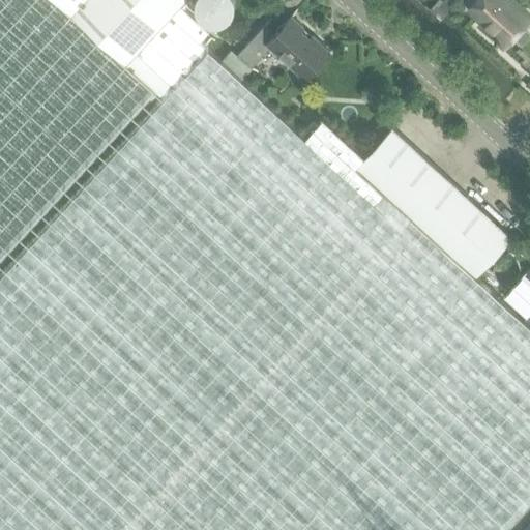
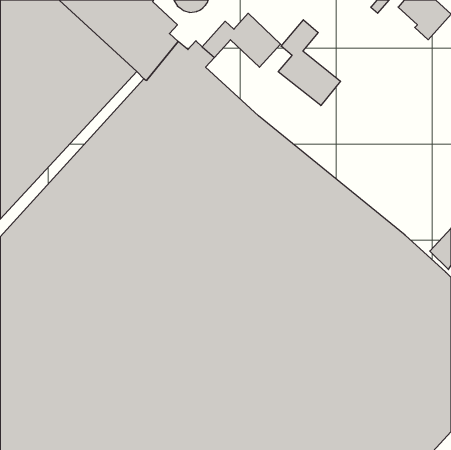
building: none -> [278,20,341,106]
building: [303,118,510,277] -> none

